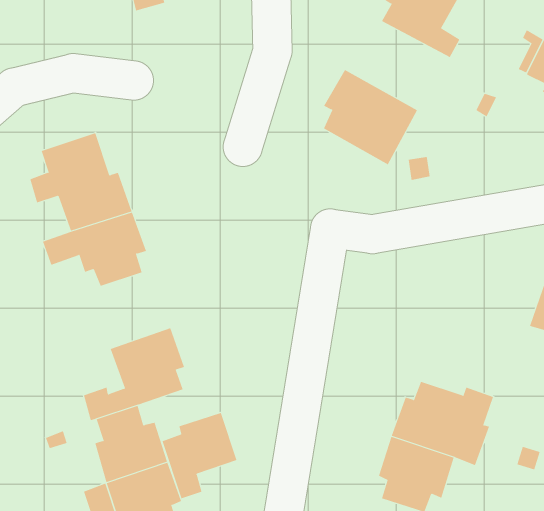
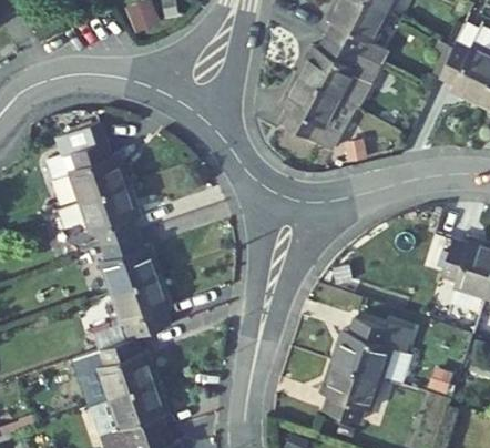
building: none -> [295,37,378,108]
building: none -> [101,234,159,294]
building: [162,412,237,499] -> none

